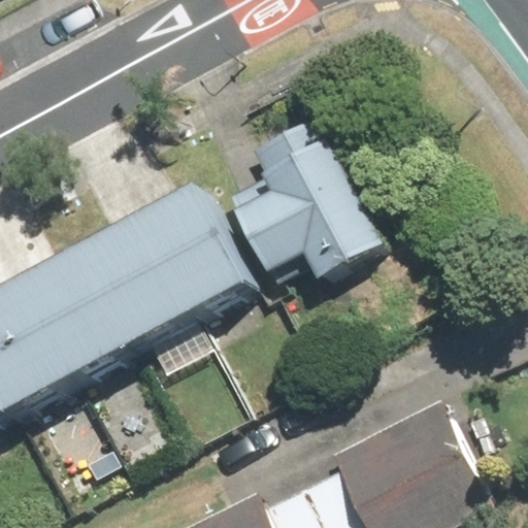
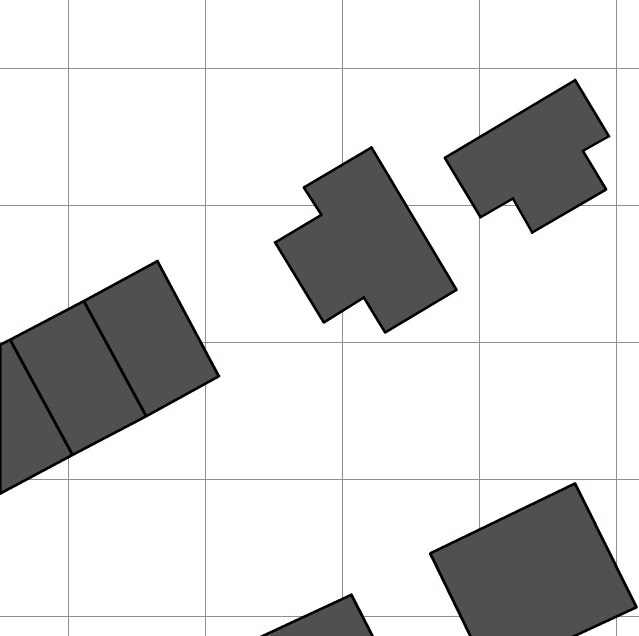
building: none -> [445,80,609,233]
building: [130,186,241,312] -> none

